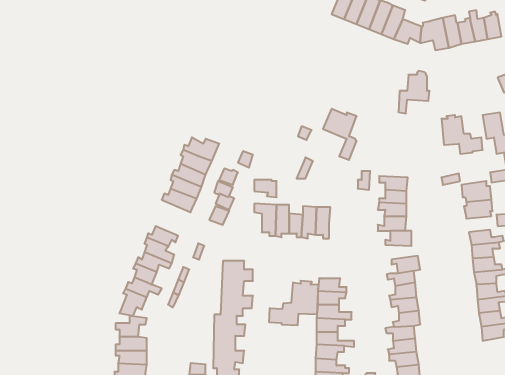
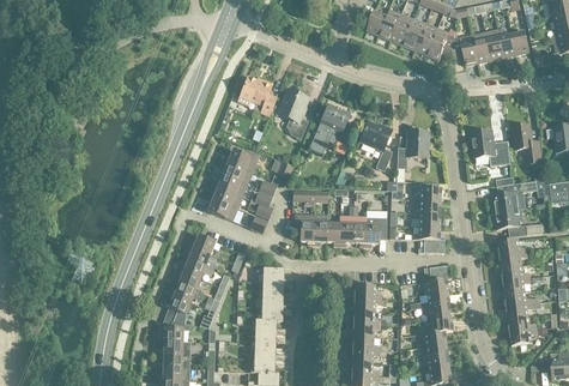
building: none -> [238,78,277,116]
building: [398,71,430,113] -> [398,128,428,169]
building: none -> [282,90,309,139]
building: none -> [309,104,350,153]
building: none -> [365,217,387,247]
building: [269,281,318,325] -> none

